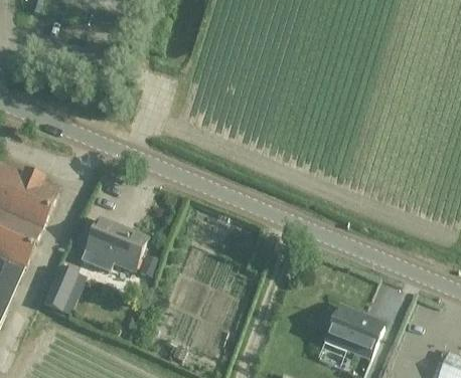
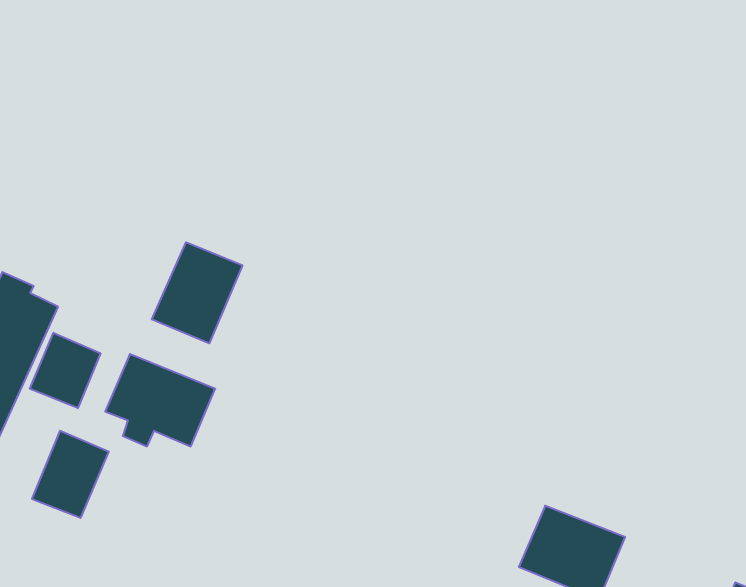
building: none -> [152,242,242,343]
building: none -> [30,333,100,408]

